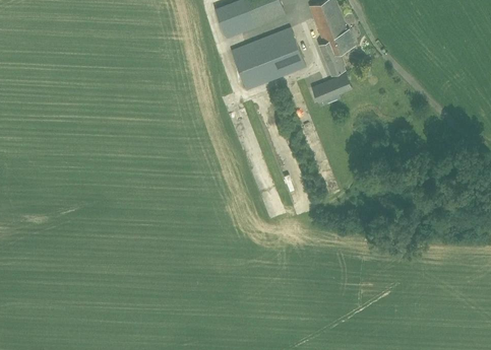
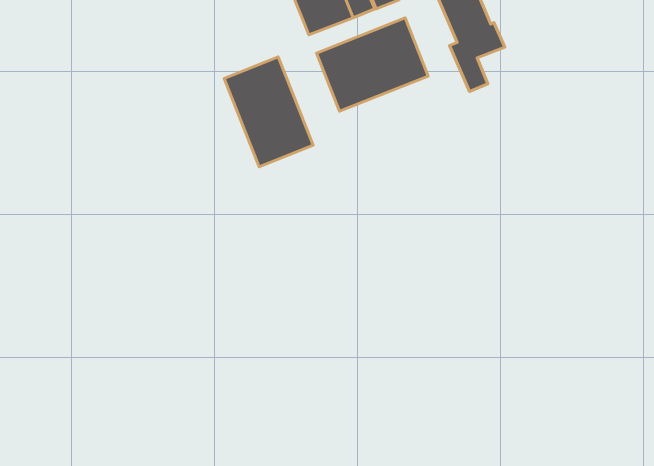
building: none -> [224,57,313,167]
building: [312,75,352,103] -> none

